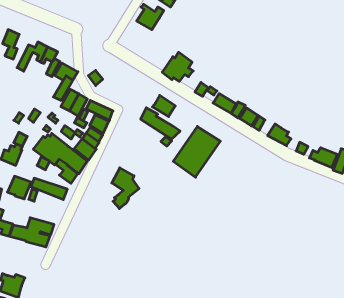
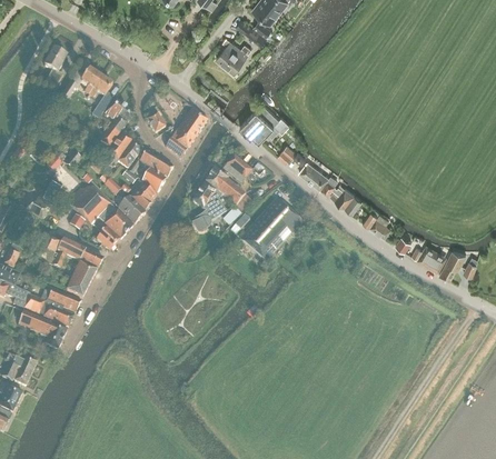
building: none -> [165,107,206,158]
building: [112,168,139,209] -> [190,182,225,233]
building: none -> [66,262,96,298]
building: none -> [17,311,66,349]

